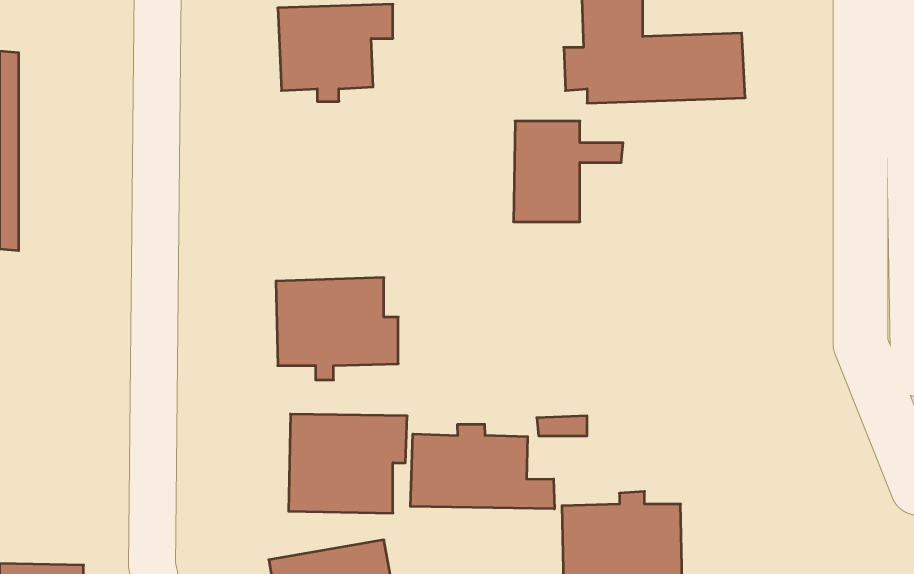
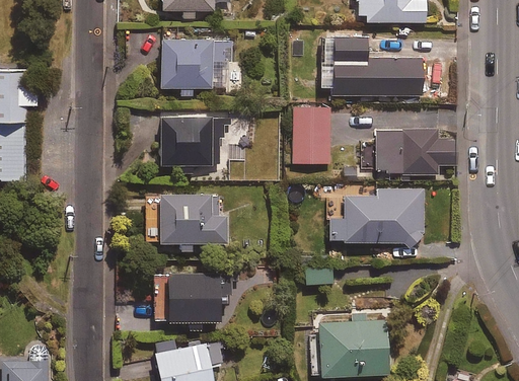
building: none -> [159,117,232,173]
building: none -> [375,128,457,174]
building: none -> [330,189,424,248]
building: [410,424,554,509] -> none

